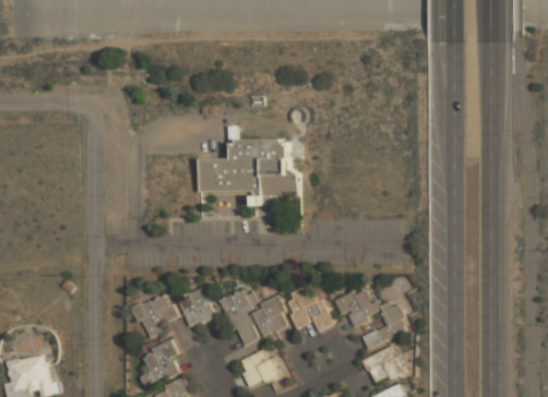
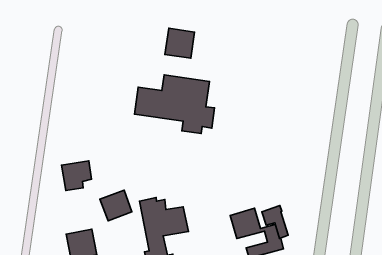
building: none -> [165,28,195,58]
building: [284,288,332,333] -> none
building: [134,296,174,336] -> [62,161,92,191]

